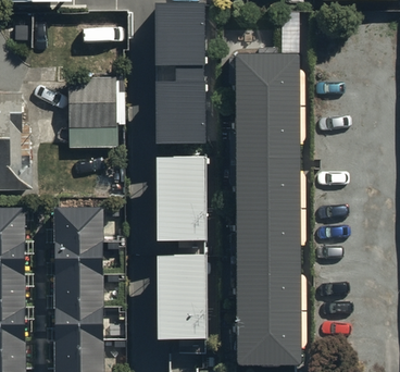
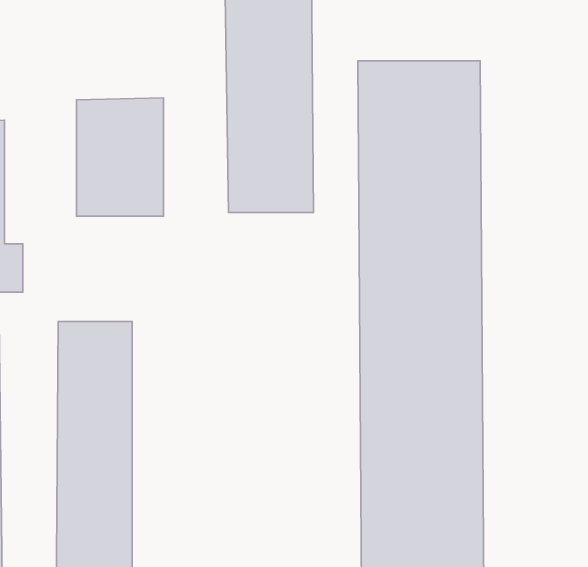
building: [158,158,203,243] -> none
building: [158,257,205,338] -> none

